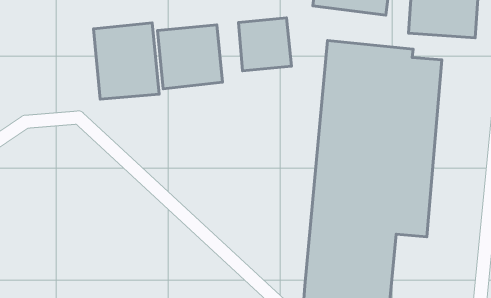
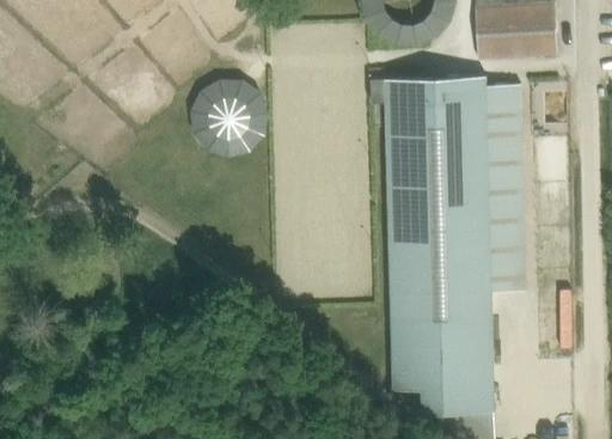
building: [238,18,291,71] -> none
building: [93,23,159,99] -> none

